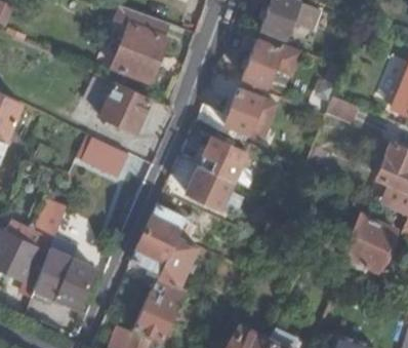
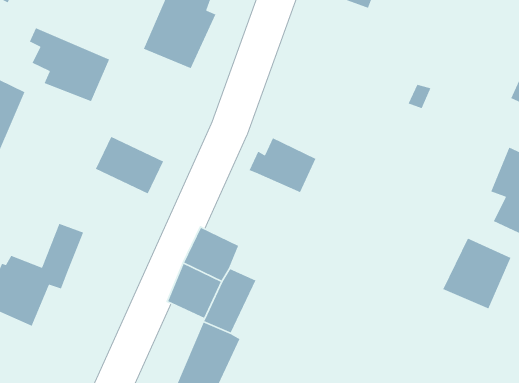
building: [242,40,300,86] -> none
building: [91,74,154,131] -> [29,27,110,102]
building: [197,88,260,137] -> none
building: [186,163,233,207] -> none
building: [31,239,90,307] -> none

